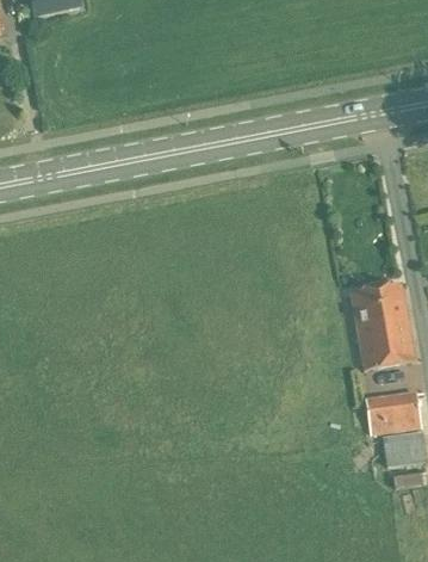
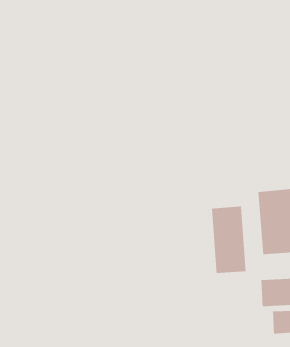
building: none -> [210,206,247,274]

